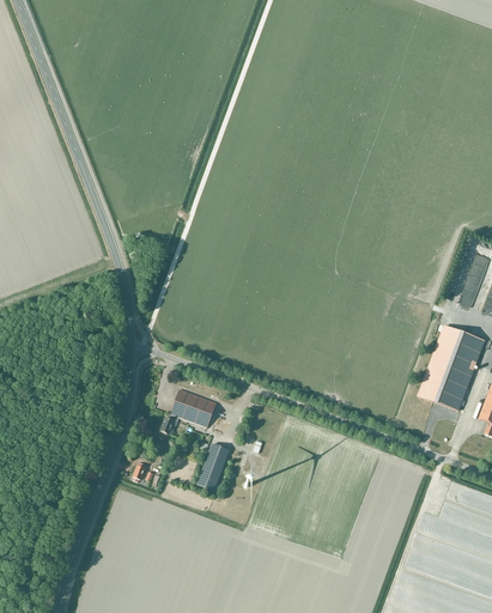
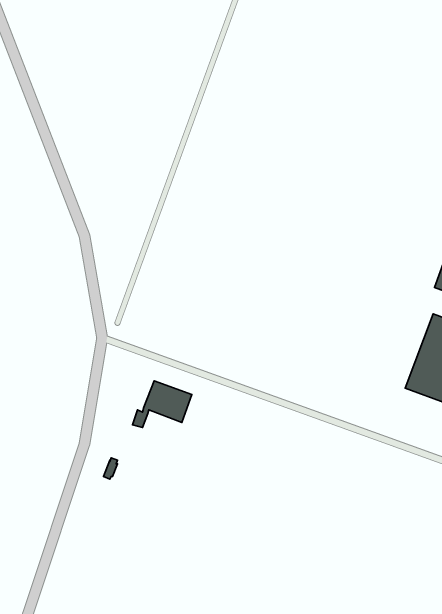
building: [196,442,230,491] -> none

